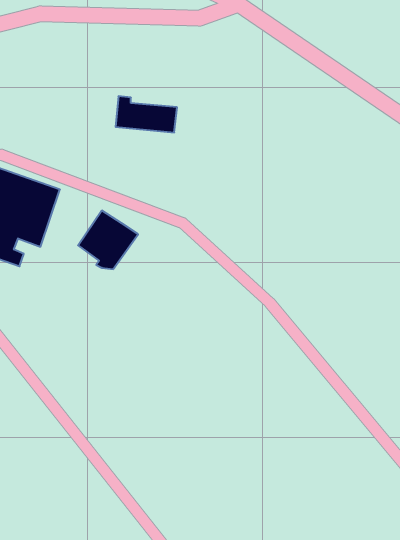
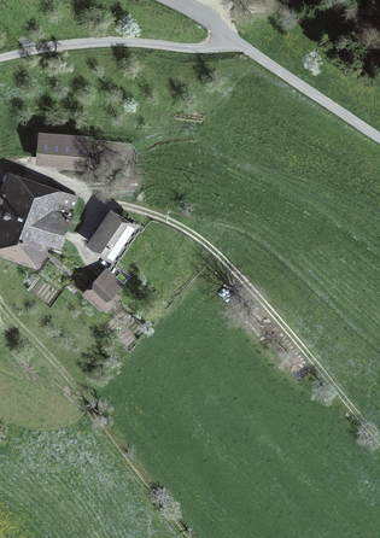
building: [116,96,177,132] -> [31,130,84,162]
building: none -> [84,264,131,311]

